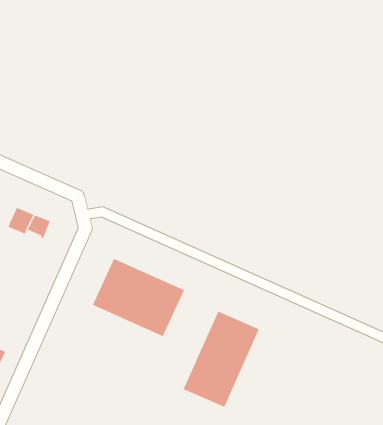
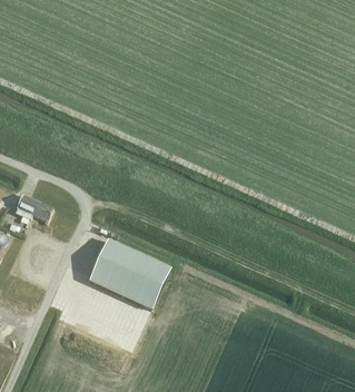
building: [183,311,260,408] -> none

